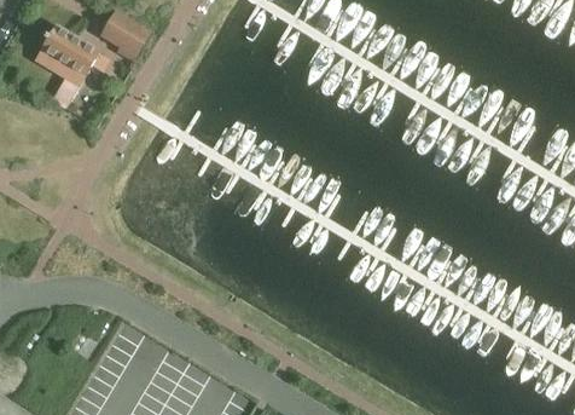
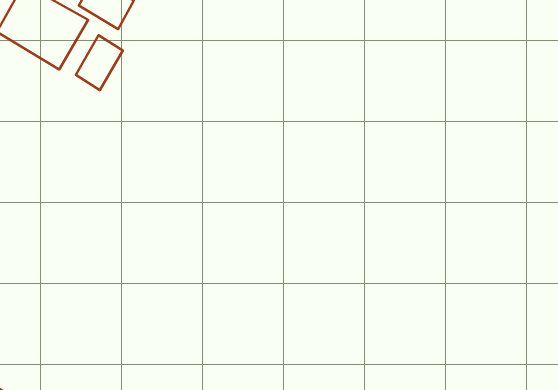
building: none -> [76,35,123,90]

